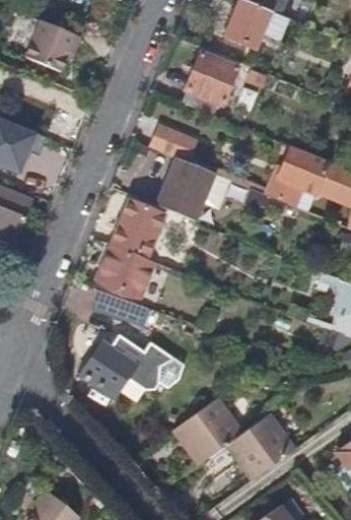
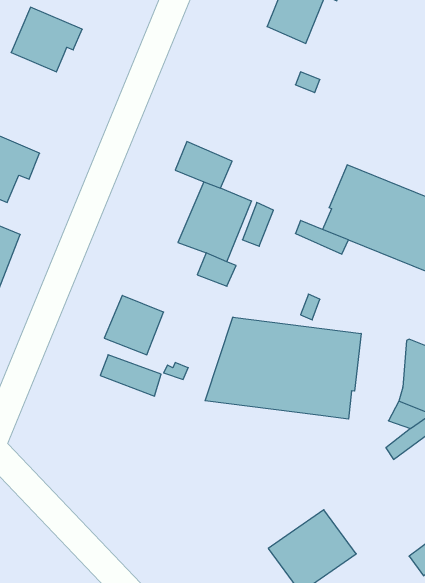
building: [183,52,238,115] -> none
building: [111,200,164,257] -> none
building: none -> [205,317,361,419]
building: [83,337,186,395] -> none
building: [173,397,243,465] -> none

